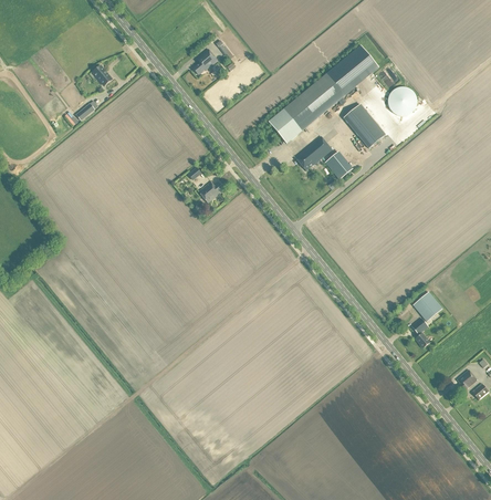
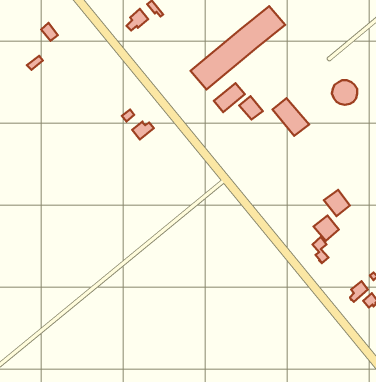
building: [387,86,417,115] -> [332,80,357,105]
building: [343,103,386,147] -> [273,98,309,136]
building: none -> [324,190,350,216]

